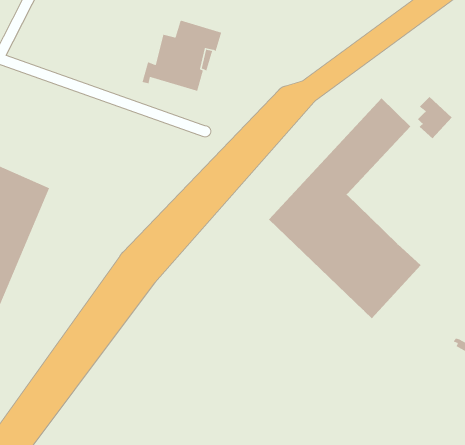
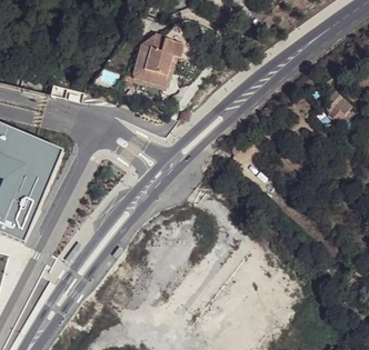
building: [268,98,421,319] -> none

